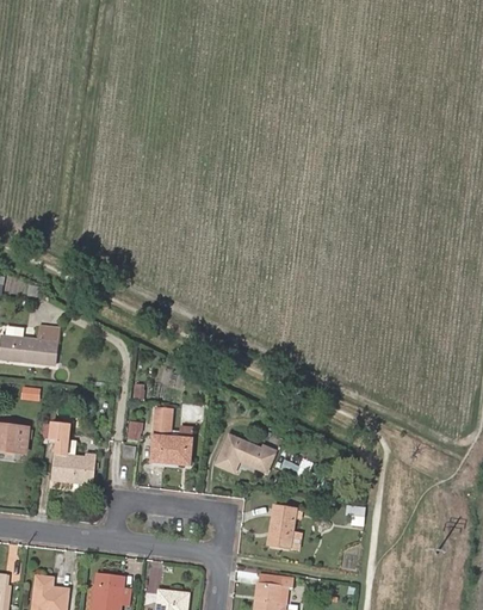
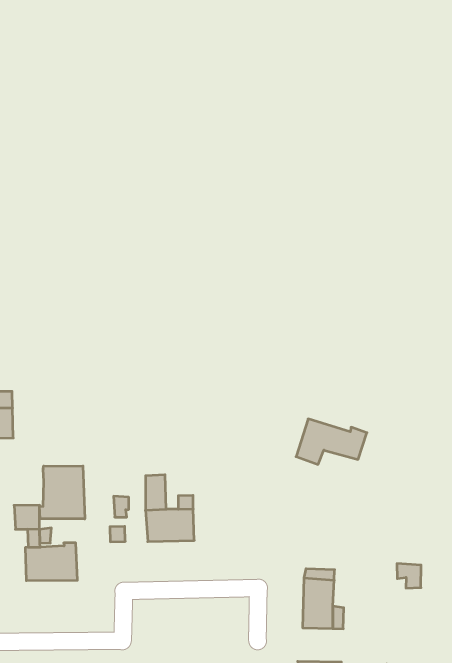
building: none -> [40,466,85,519]
building: [216,435,274,472] -> [296,419,367,464]

